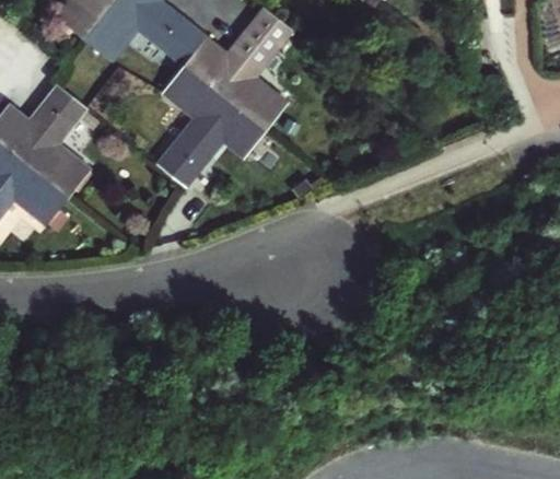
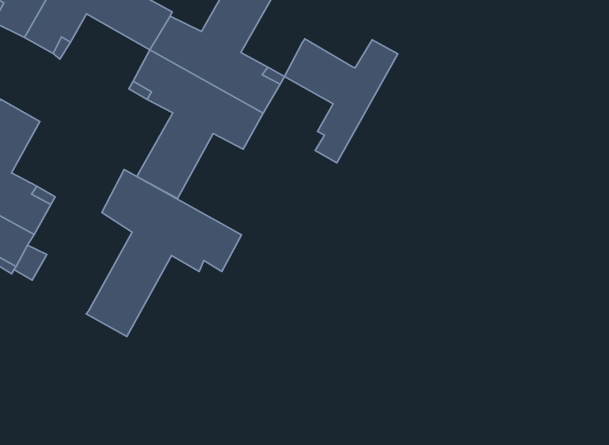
building: none -> [285,39,398,163]
building: none -> [86,169,241,337]

